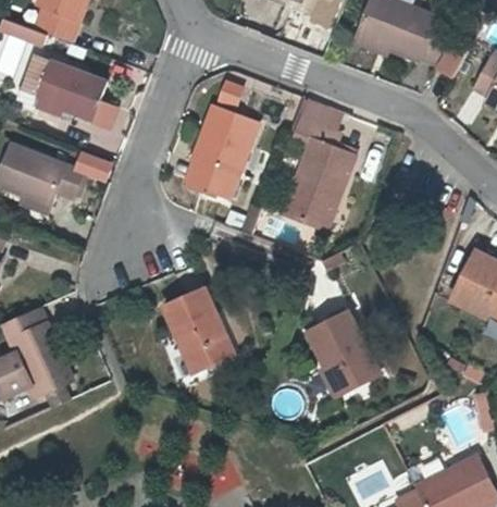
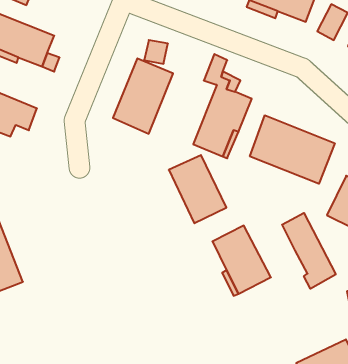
building: none -> [250,115,335,184]
building: [157,286,228,371] -> [169,155,226,223]
building: none -> [282,213,336,289]

